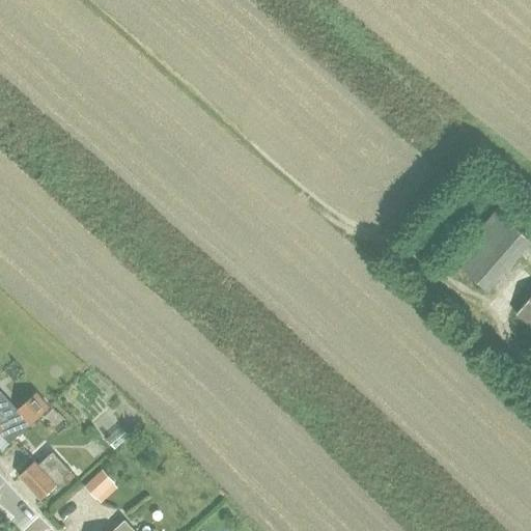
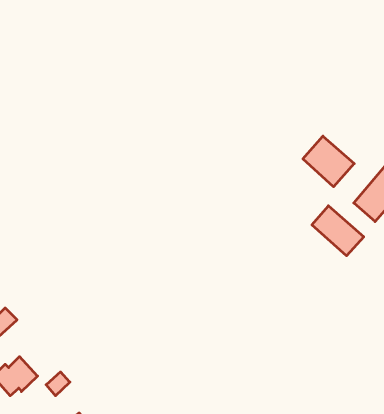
building: none -> [303,136,354,187]
building: none -> [312,206,364,256]

